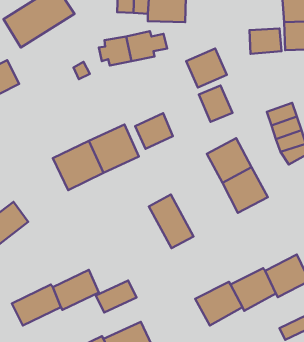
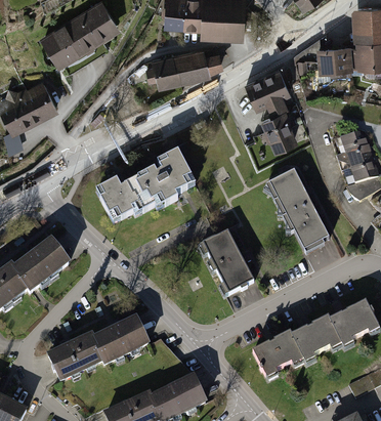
building: [135,113,173,149] -> none
building: [96,281,137,313] -> none

